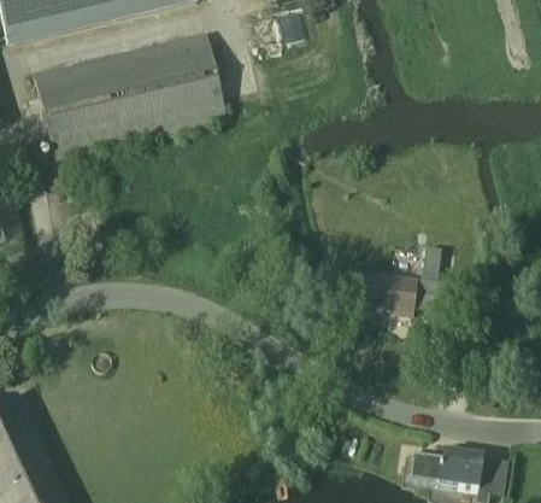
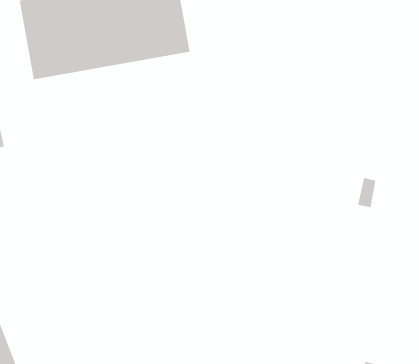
building: [358,274,417,316] -> none

